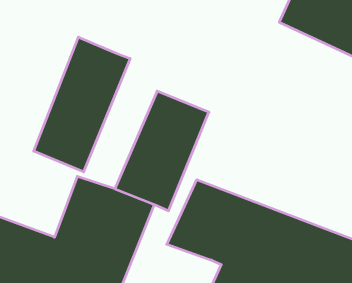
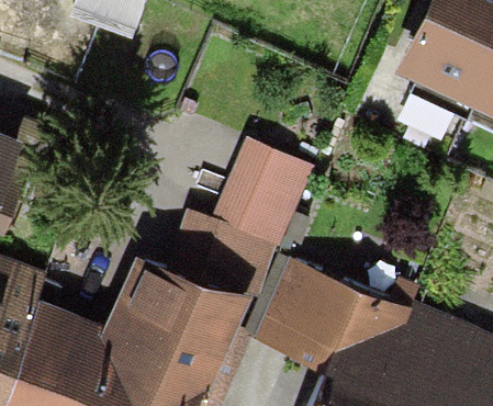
building: [34,37,130,172] -> none

